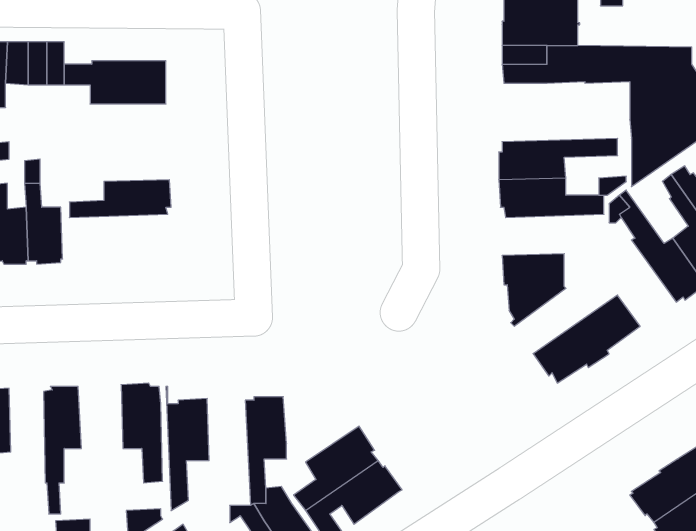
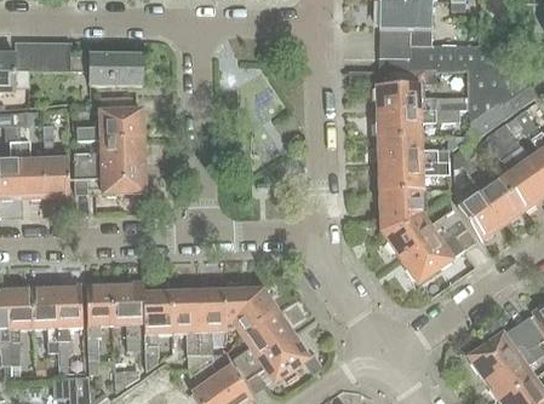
building: none -> [374,69,469,111]
building: none -> [75,97,144,140]
building: none -> [74,162,147,195]
building: none -> [377,162,449,191]
building: none -> [457,180,500,239]
building: none -> [386,209,459,260]
building: none -> [85,282,111,357]
building: none -> [32,284,57,352]
building: none -> [224,288,277,336]
building: none -> [171,292,201,367]

